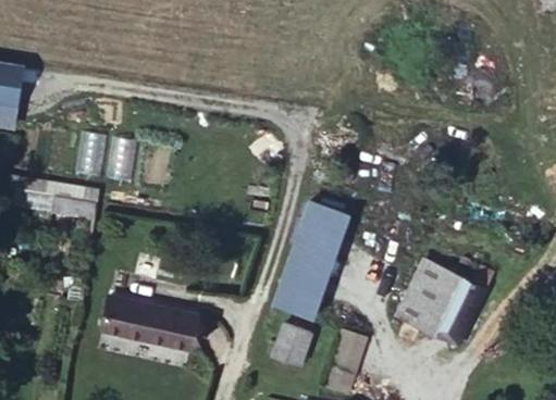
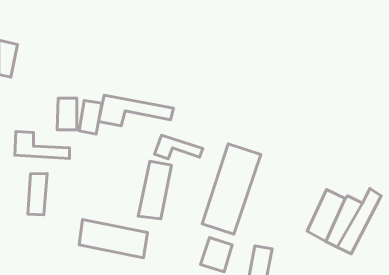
building: none -> [99,95,173,126]
building: none -> [155,135,203,159]
building: none -> [138,161,172,219]
building: none -> [28,173,47,215]

